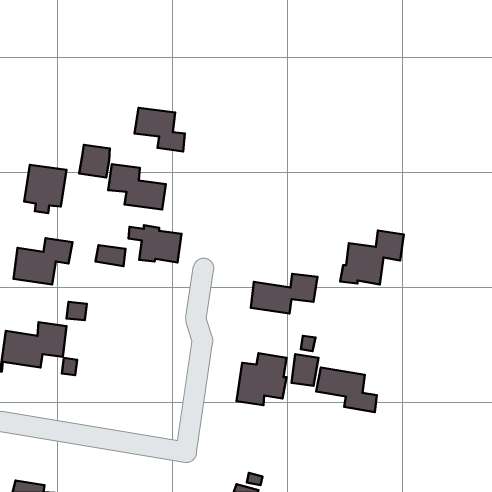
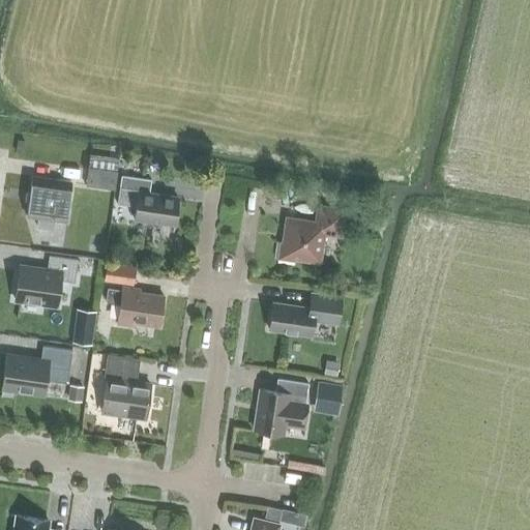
building: [134,108,185,151] -> none
building: [128,225,181,263] -> [107,288,164,328]
building: [340,230,404,285] -> [277,206,346,264]
building: none -> [102,356,151,419]
building: [316,368,377,412] -> none

